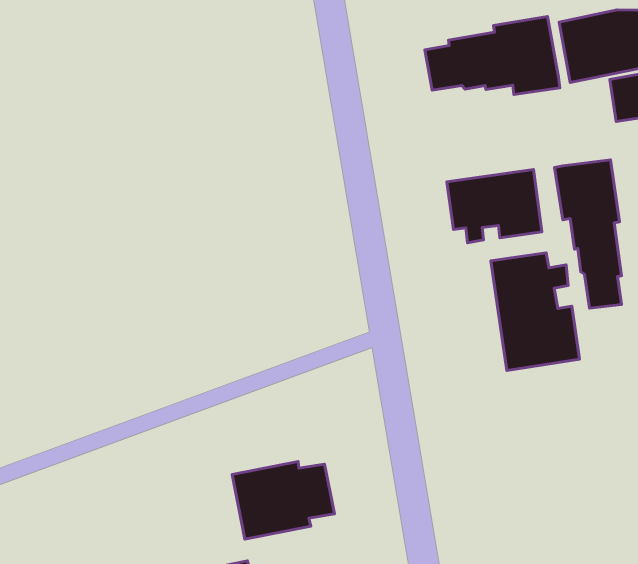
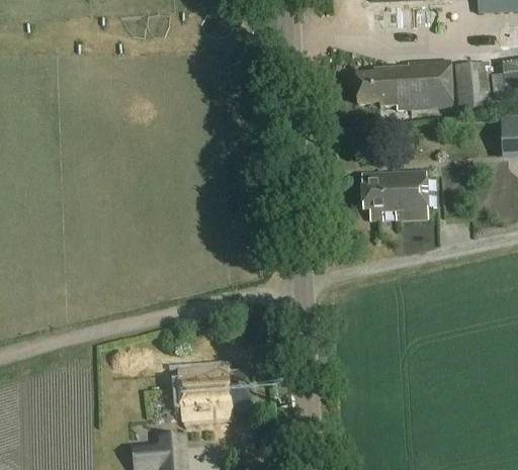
building: [554,160,622,308] -> none
building: [491,253,579,370] -> none

